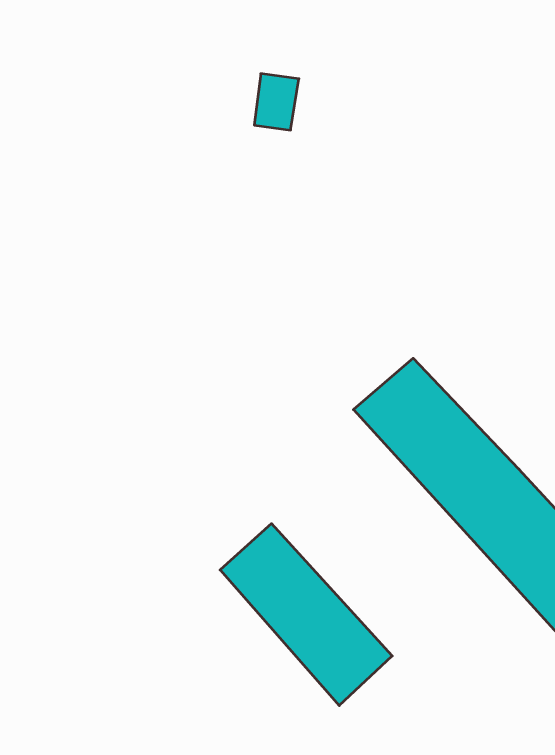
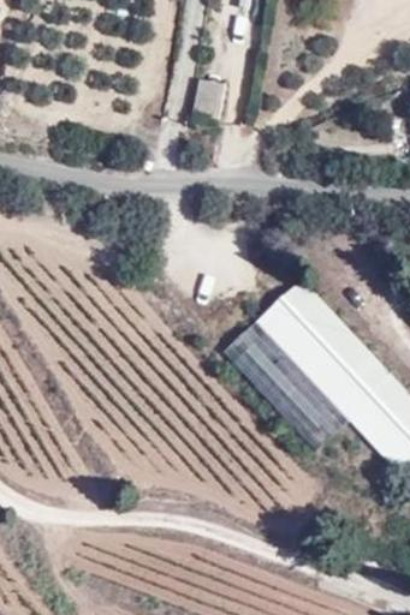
building: [220,524,392,706] -> [224,318,349,450]

